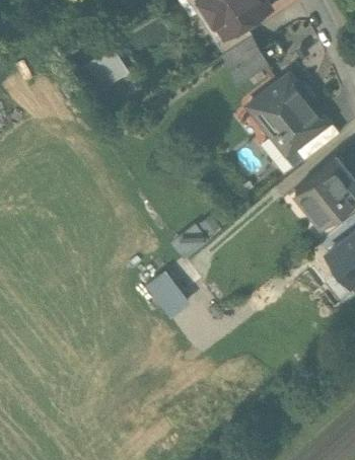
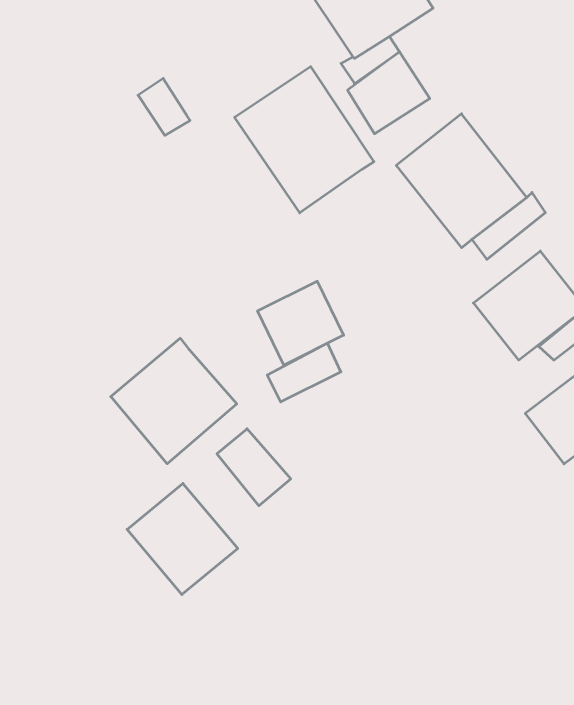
building: none -> [235,67,374,213]
building: none -> [258,281,344,365]
building: none -> [111,338,237,464]
building: none -> [127,483,238,595]

